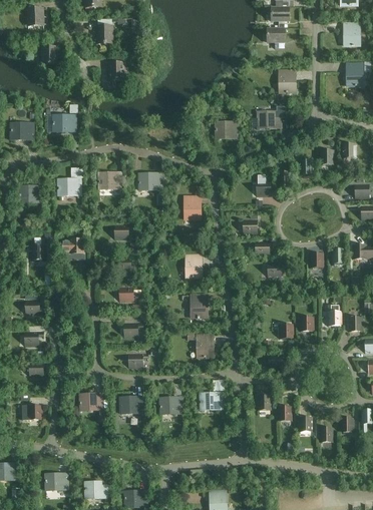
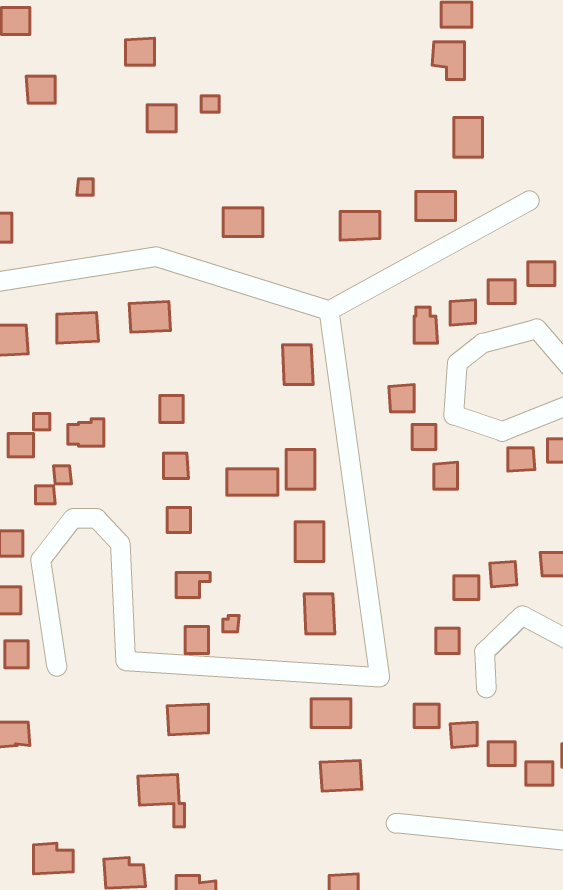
building: [46,109,75,131] -> none
building: [139,173,161,189] -> [223,208,263,237]
building: none -> [227,469,278,495]
building: [79,393,105,422] -> [138,774,185,827]
building: [159,397,182,414] -> [320,760,362,791]

